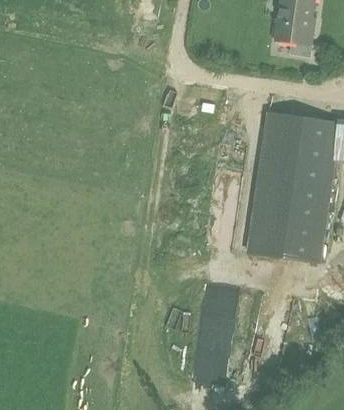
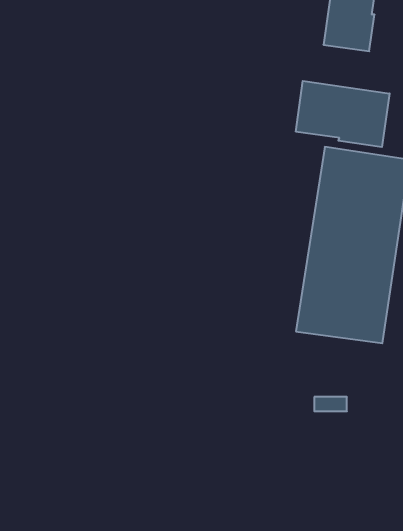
building: none -> [296,81,390,147]

